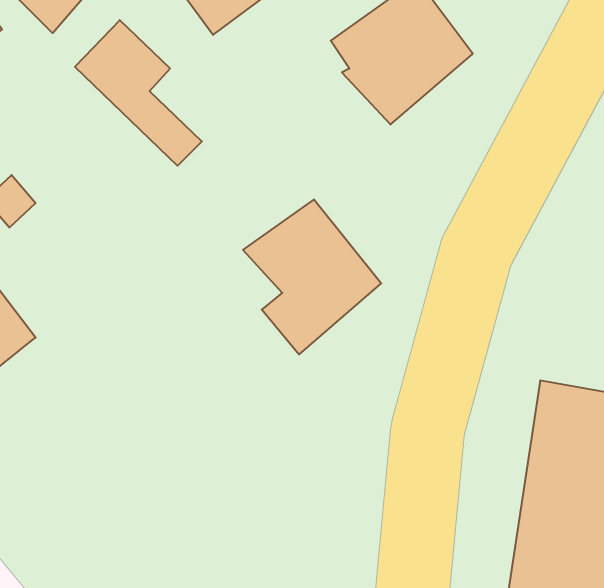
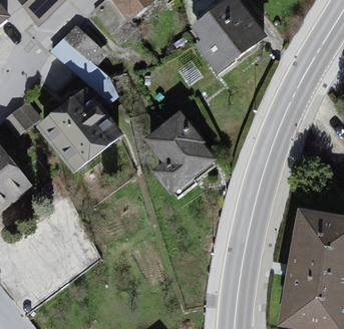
building: none -> [33,90,120,174]

